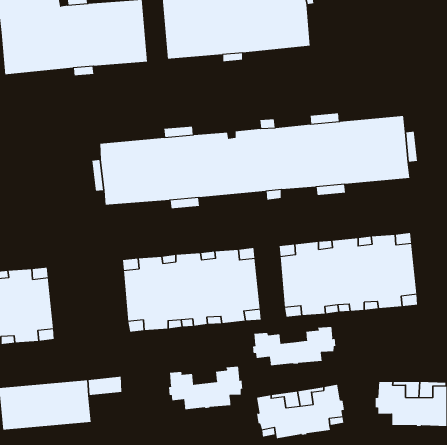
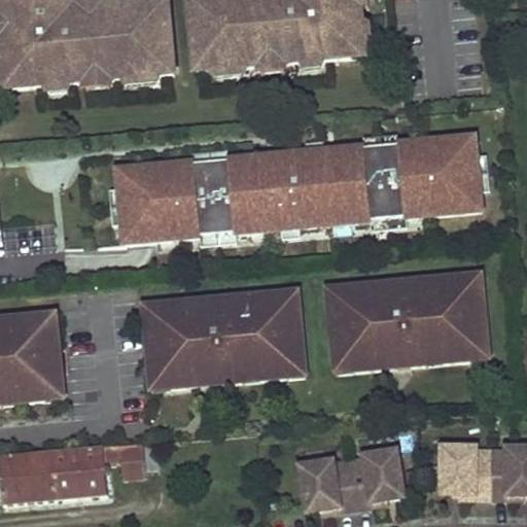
building: [253,326,336,366] -> none
building: [168,366,243,410] -> none

